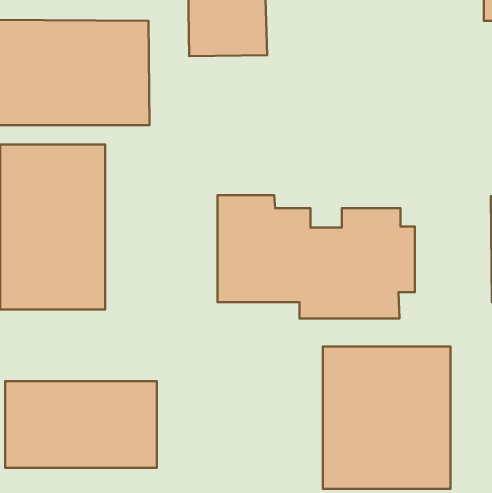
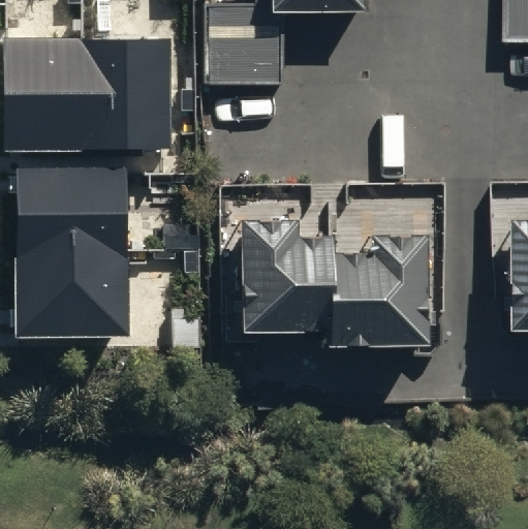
building: [323,347,450,489] -> none
building: [5,381,157,468] -> none

